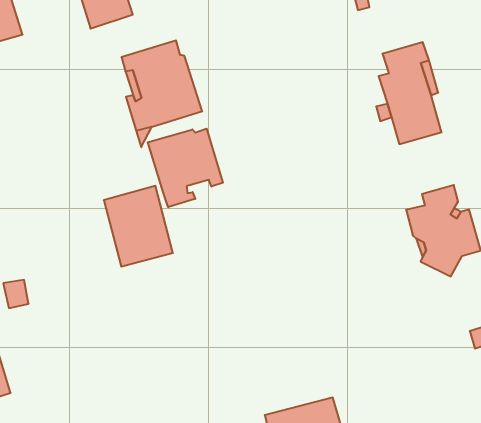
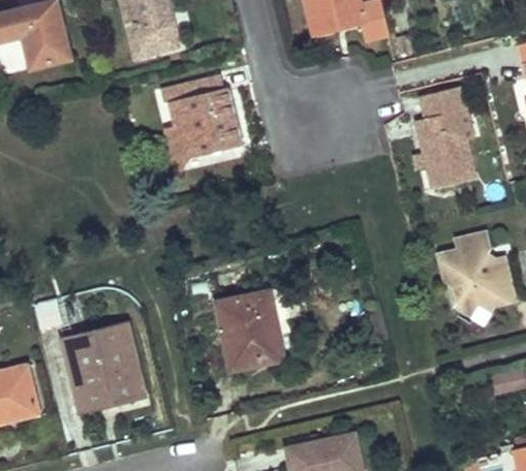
building: [148,129,223,207] -> none
building: [104,186,173,266] -> [217,291,282,369]
building: none -> [62,322,146,411]

